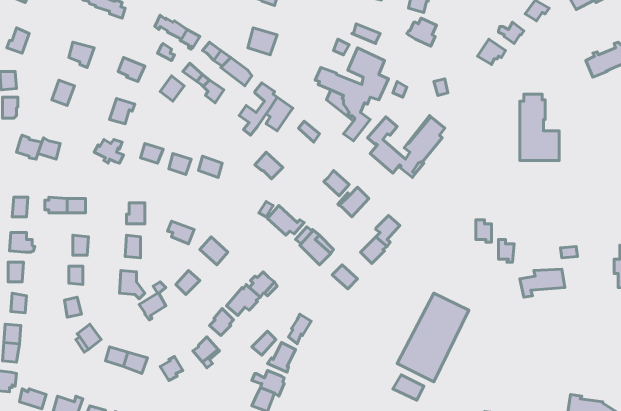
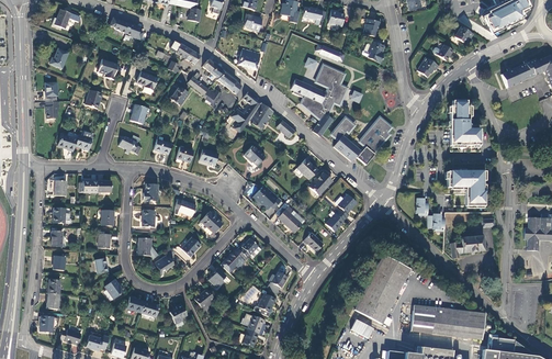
building: none -> [447,171,484,205]
building: none -> [410,305,484,339]

